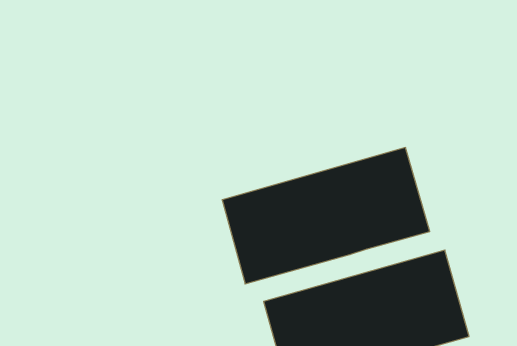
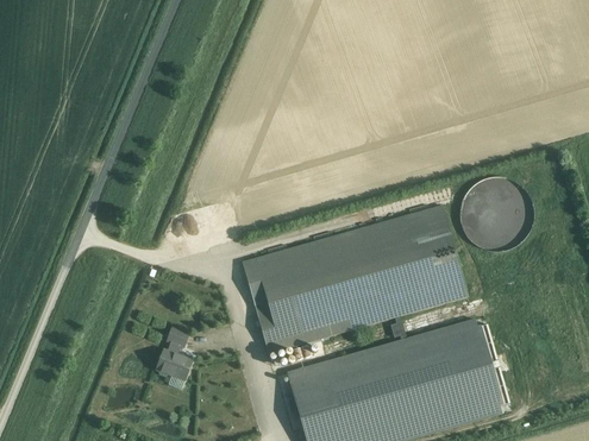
building: none -> [455,171,537,250]
building: none -> [156,327,193,380]

